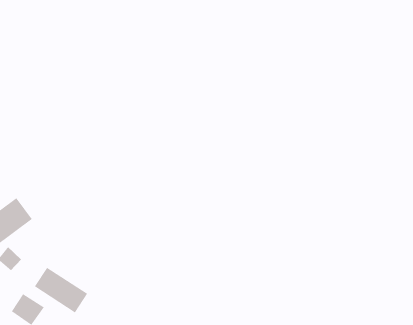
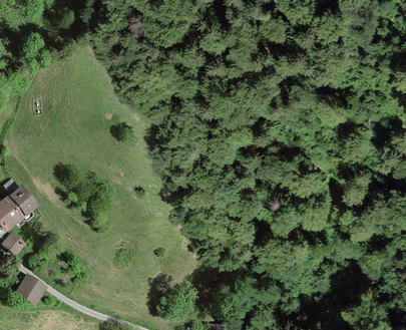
building: [34,267,88,313] -> none

